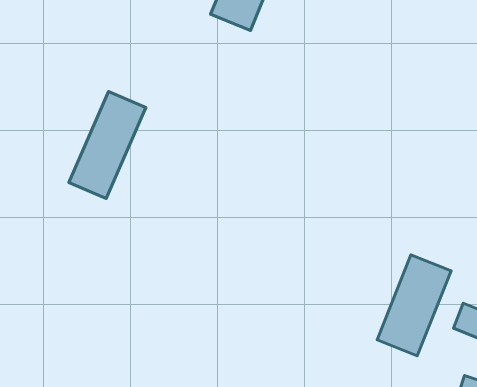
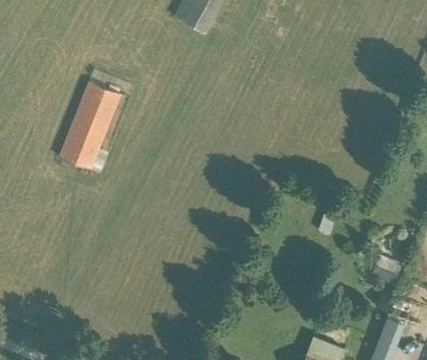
building: [377,255,451,356] -> none

